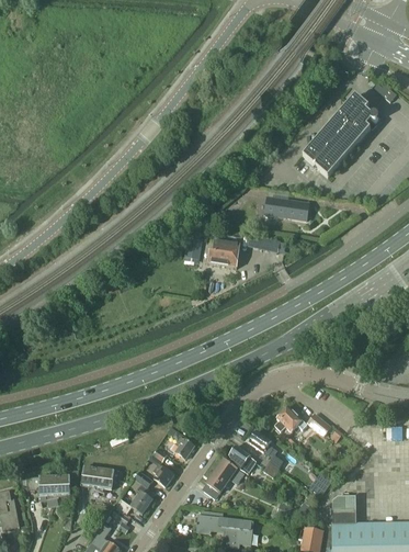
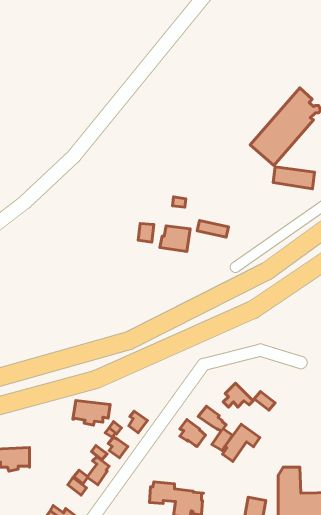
building: [264,196,308,219] -> [273,167,315,189]
building: [203,459,242,498] -> [223,424,260,461]
building: [79,465,118,492] -> [73,400,110,425]

